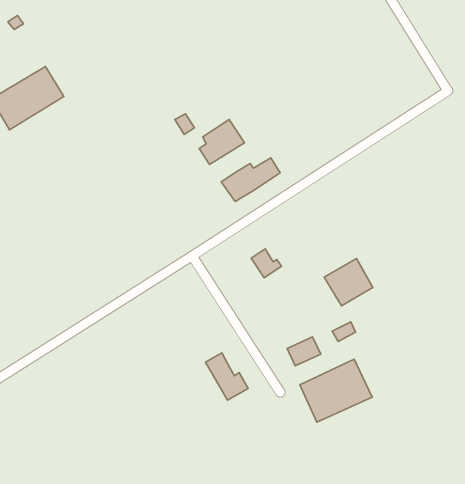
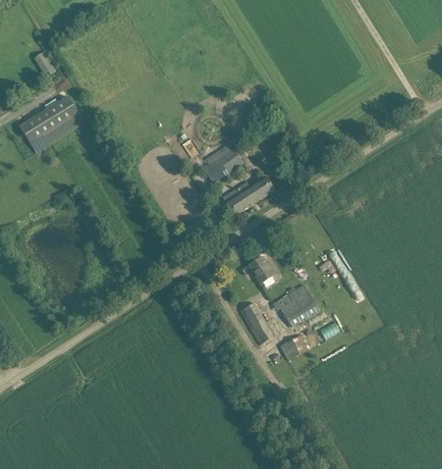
building: [324,259,373,306] -> [275,284,318,326]
building: [206,353,248,400] -> [239,302,277,344]
building: [300,359,372,422] -> none

